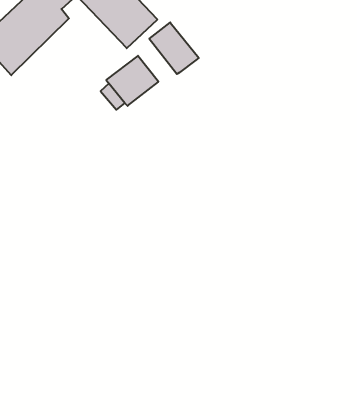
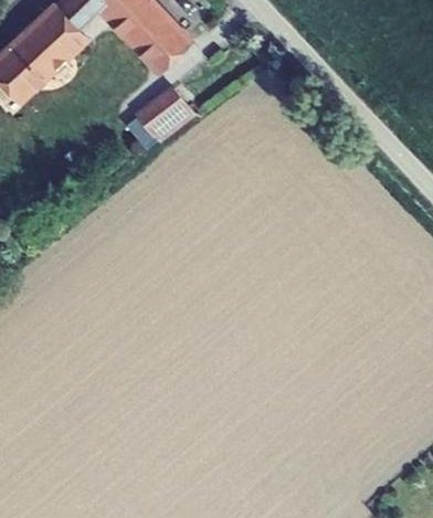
building: [149,22,199,74] -> none

